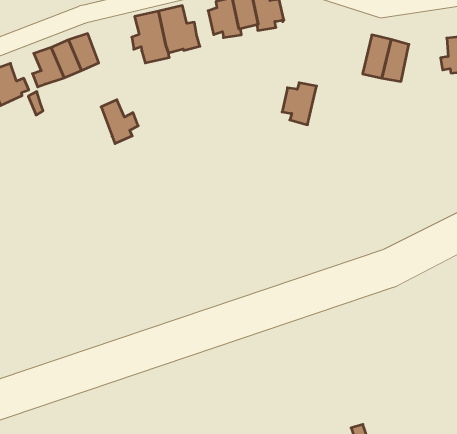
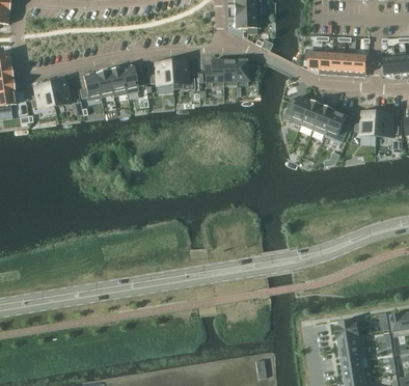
building: none -> [326,110,351,141]
building: [282,83,317,125] -> [285,95,311,125]
building: [101,100,138,144] -> [121,64,144,93]

